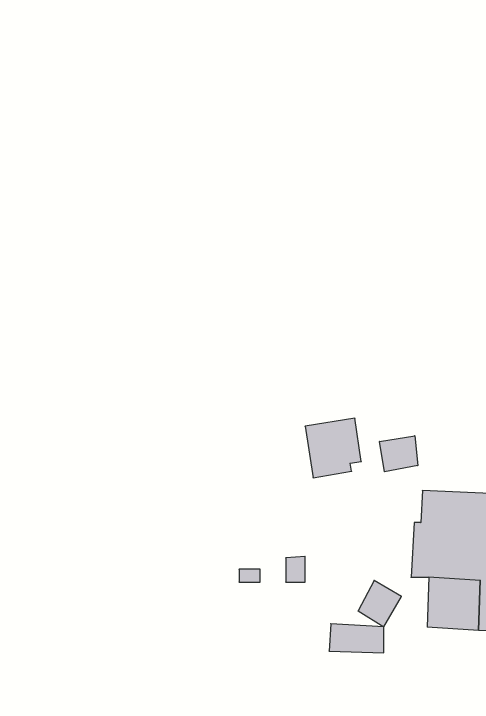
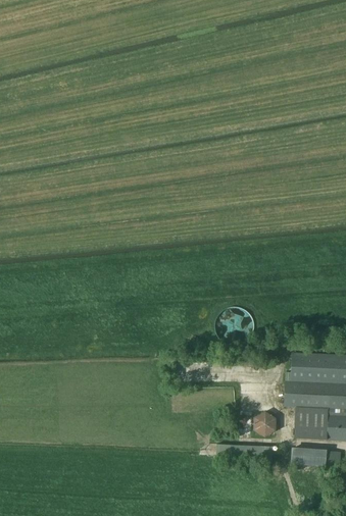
building: [380,436,418,472] -> none
building: [329,624,384,653] -> [291,447,326,465]

